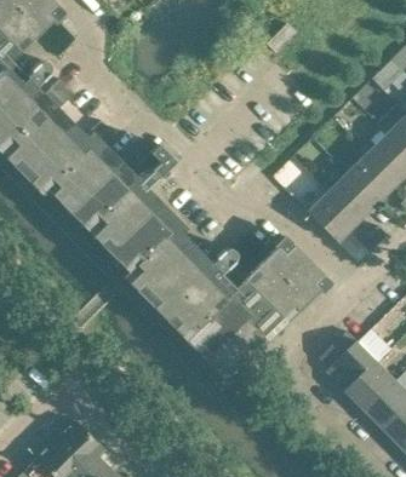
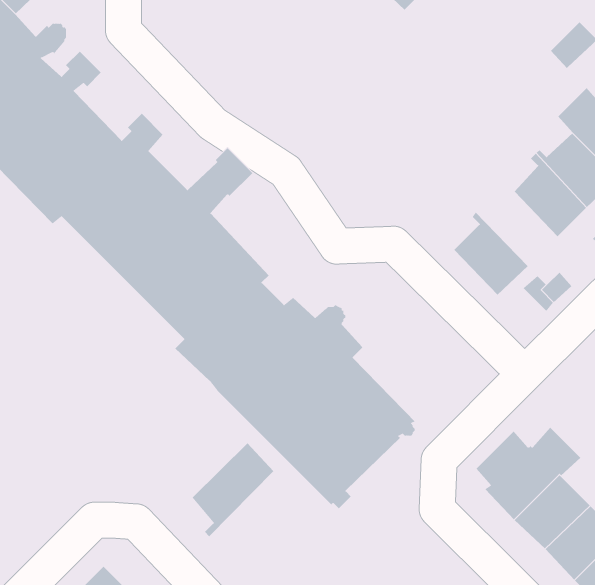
building: [322,173,377,223] -> none
building: [241,236,332,327] -> none
building: none -> [192,442,274,537]

